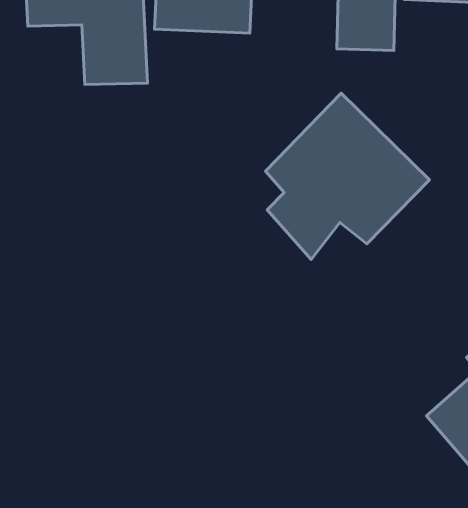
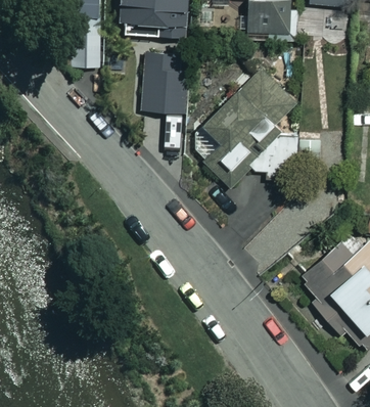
building: none -> [143,50,190,111]

